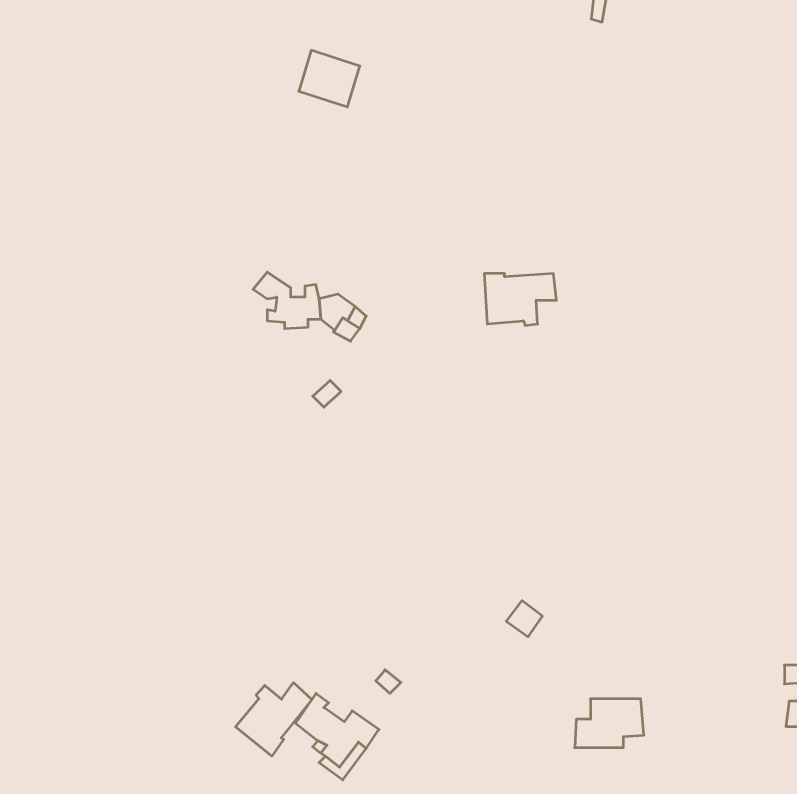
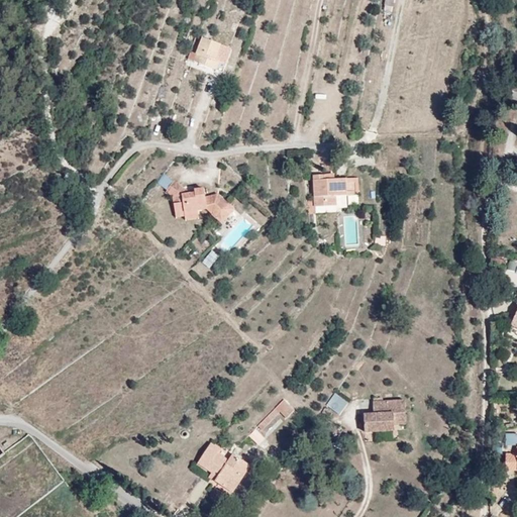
building: none -> [254,400,291,432]
building: [236,683,312,756] -> none
building: [575,699,644,748] -> [357,403,402,434]

